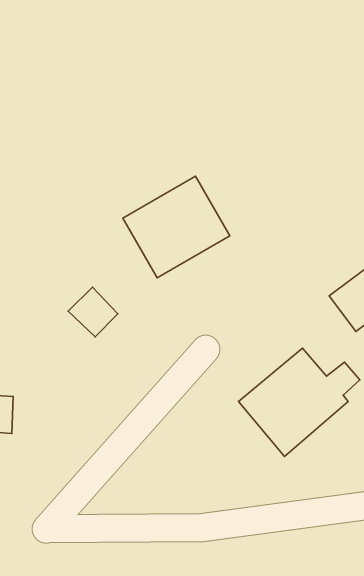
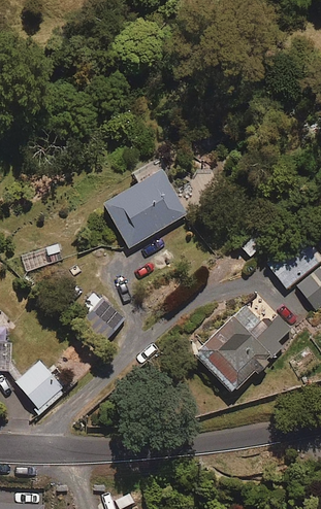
building: [68,287,118,337] -> [85,299,125,339]
building: none -> [17,363,69,411]

